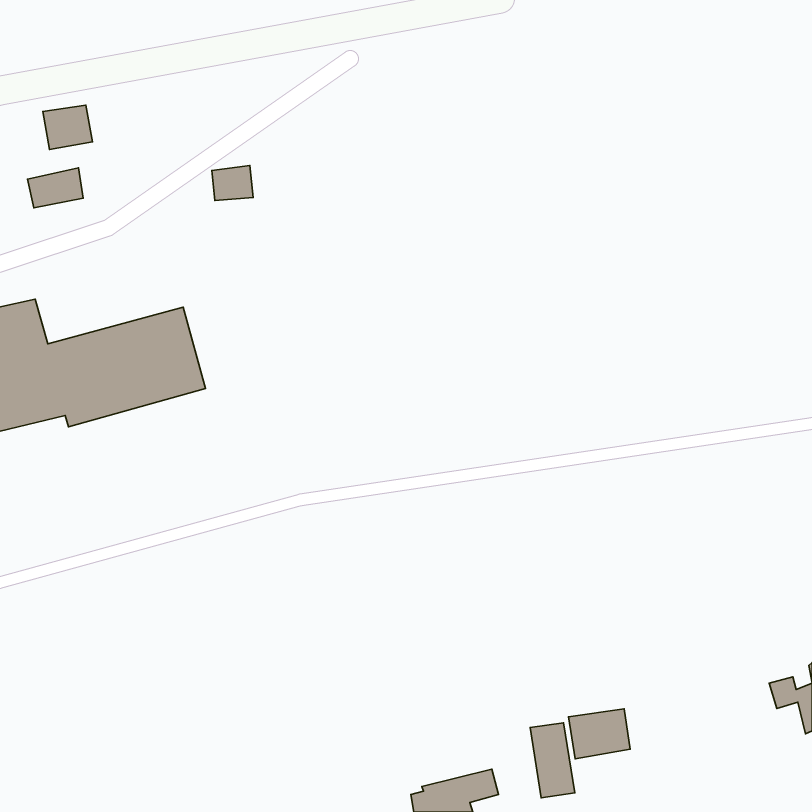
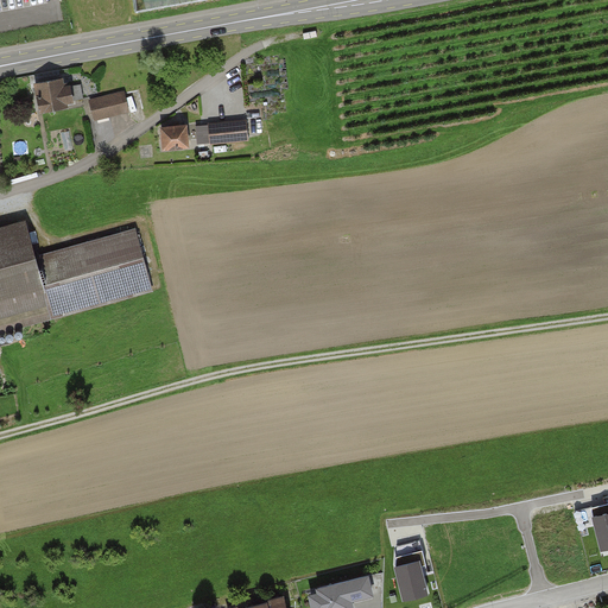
building: none -> [210,120,247,144]
building: [27,168,83,208] -> [88,91,129,121]
building: [569,709,630,759] -> none

